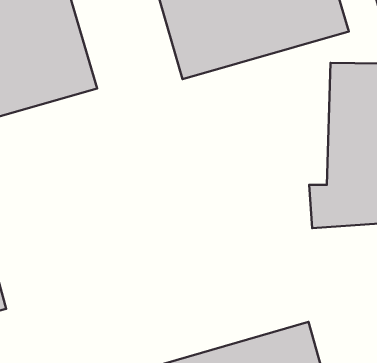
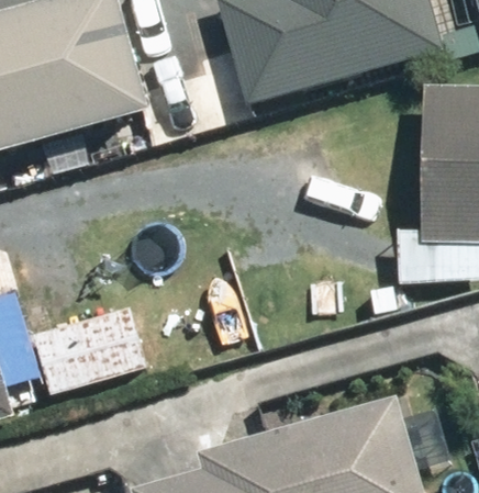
building: none -> [33,278,165,393]

